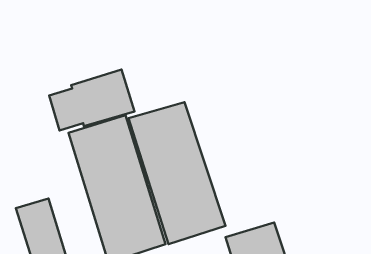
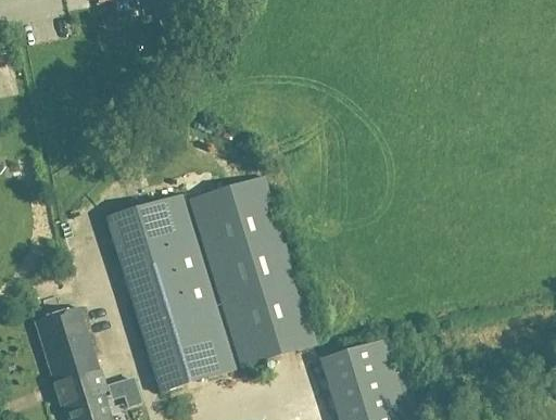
building: [49,70,135,131] -> none

